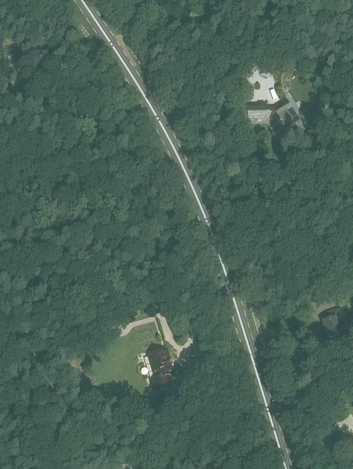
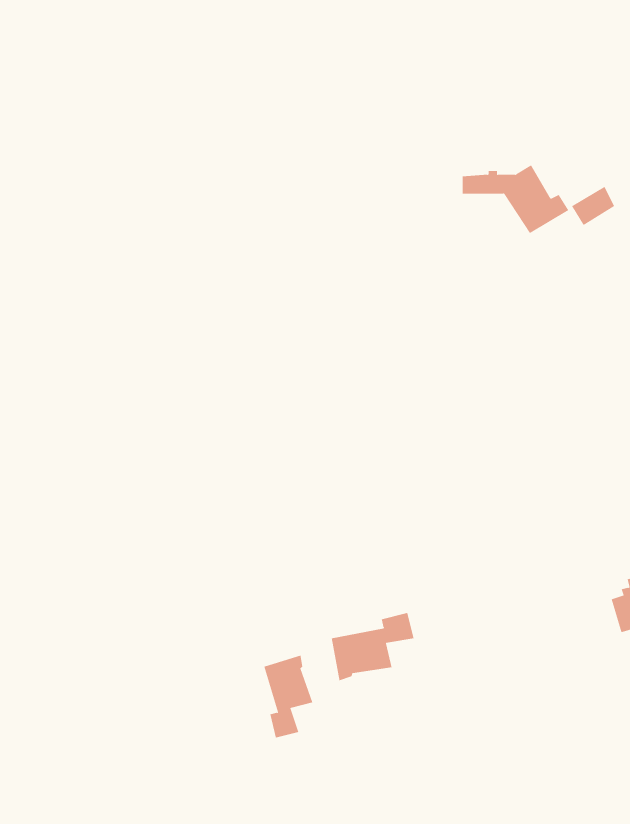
building: none -> [331,612,414,681]

